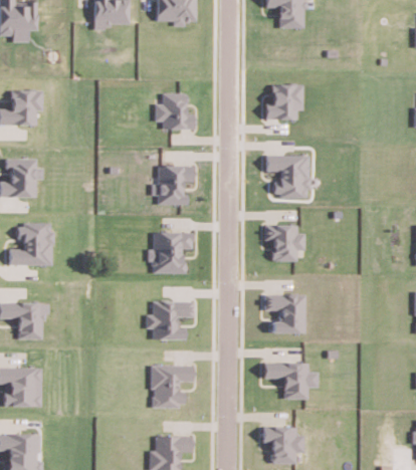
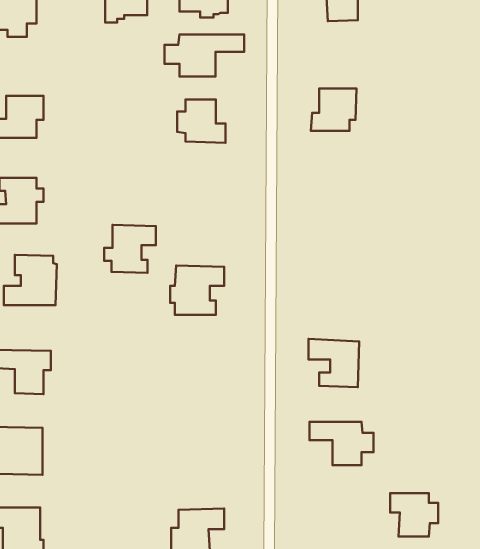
building: none -> [165,34,244,77]
building: [265,155,309,197] -> none
building: [151,165,194,205] -> [104,225,156,273]
building: [264,224,304,261] -> none
building: [145,300,193,339] -> none
building: [150,365,193,407] -> none
building: [263,427,303,463] -> [390,493,438,536]

